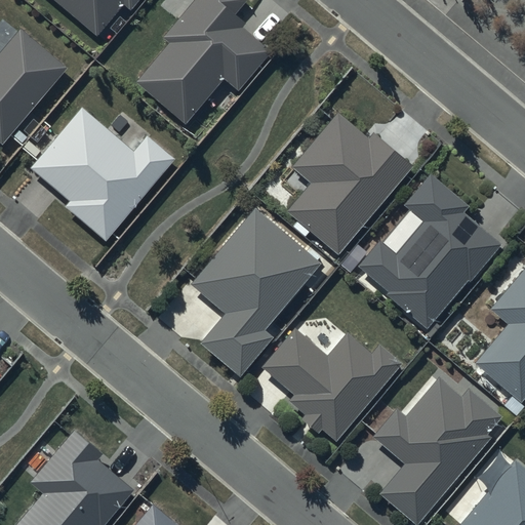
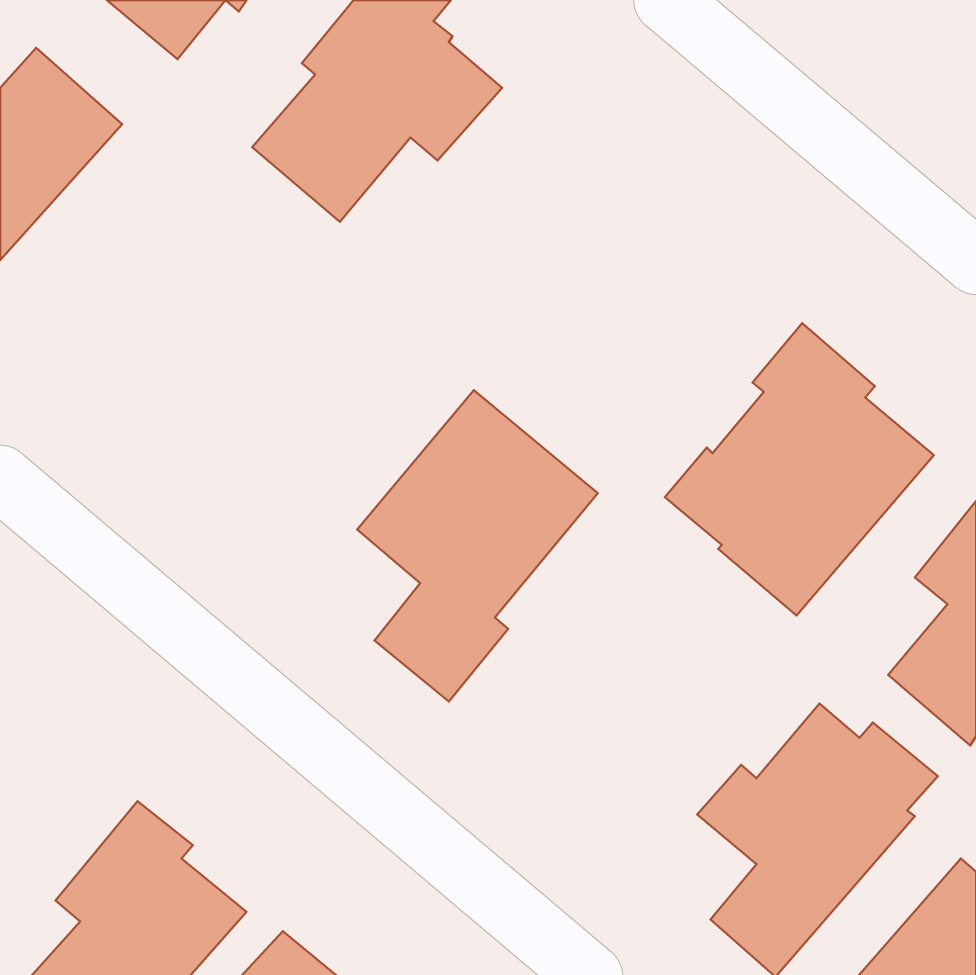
building: [30,106,173,239] -> none
building: [287,114,414,255] -> none
building: [261,329,403,442] -> none

